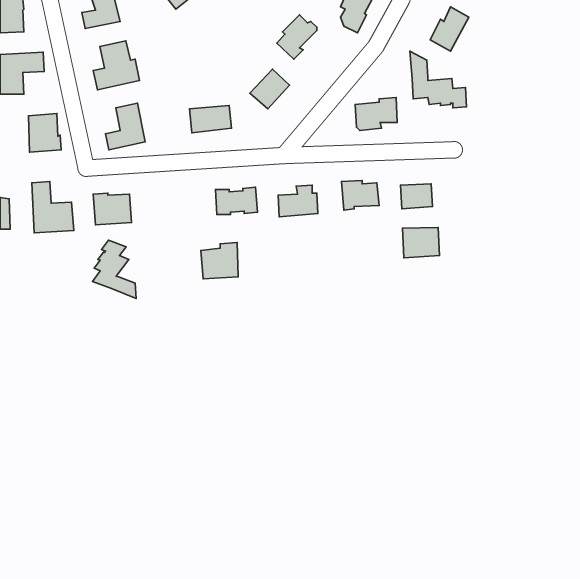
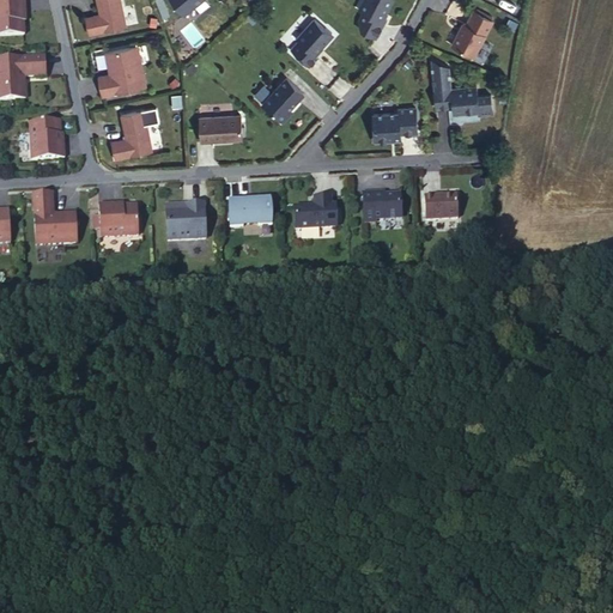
building: [403,228,439,258] -> none
building: [92,240,136,298] -> none
building: [201,243,238,279] -> [165,202,205,241]

